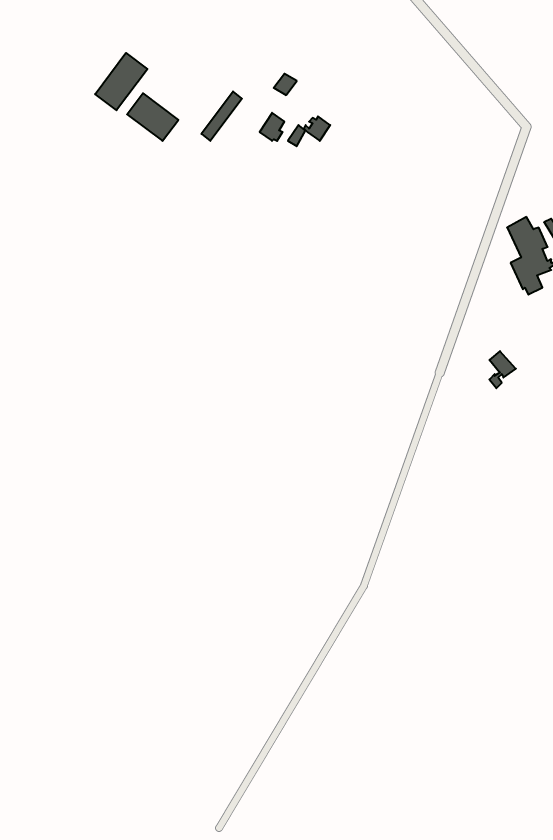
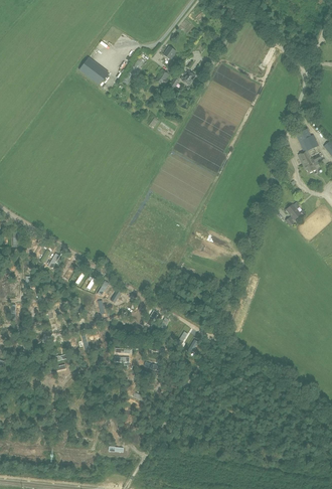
building: [95,53,147,110] -> none

